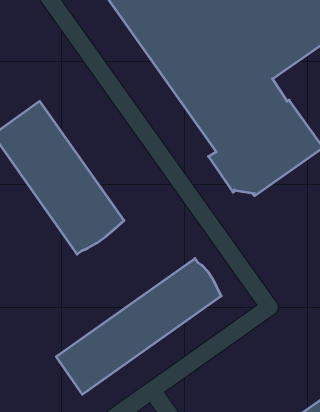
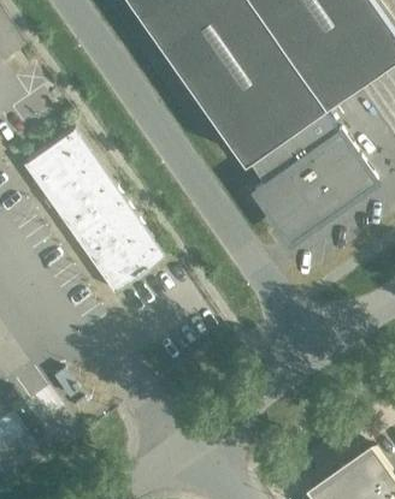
building: [56,258,221,394] -> none

